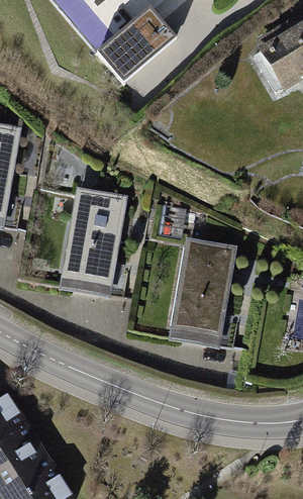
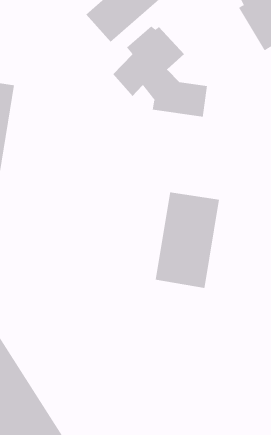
building: none -> [112,25,208,118]
building: [61,188,127,289] -> none

